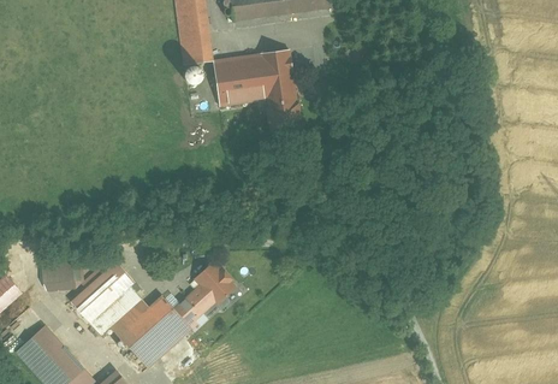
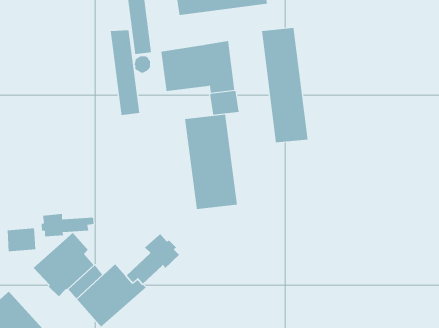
building: none -> [261,27,308,143]
building: none -> [110,29,140,116]
building: none -> [184,114,238,210]
building: none -> [41,213,94,237]

